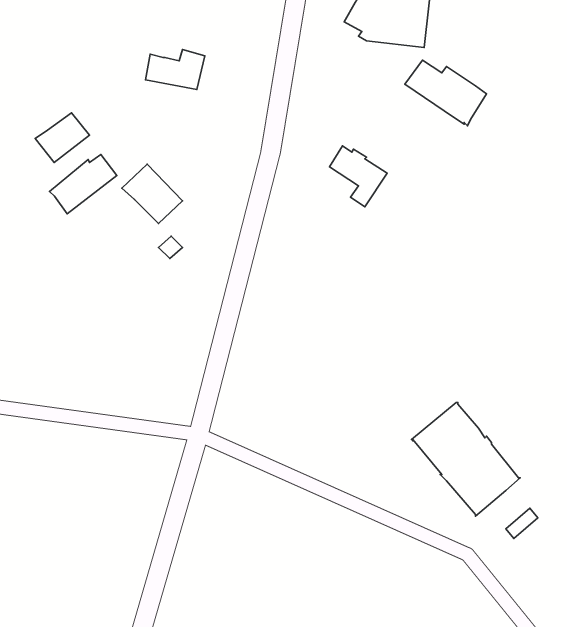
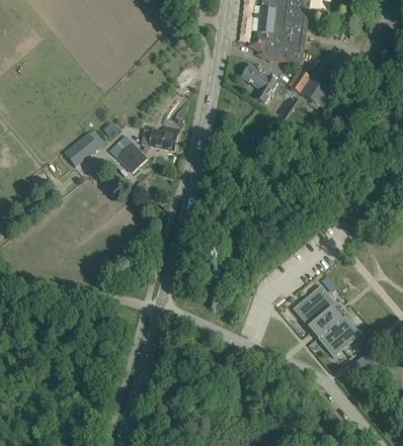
building: [146,50,205,90] -> [141,124,178,150]
building: [35,113,89,163] -> none
building: [330,146,387,207] -> [241,64,277,102]

